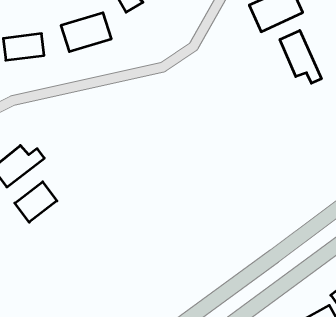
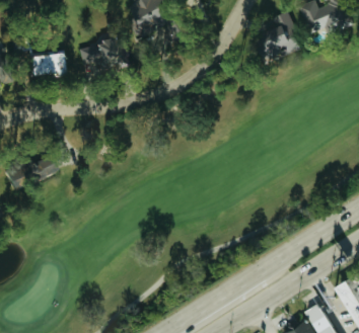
building: [280,30,321,83] -> none
building: [15,182,57,222] -> none

